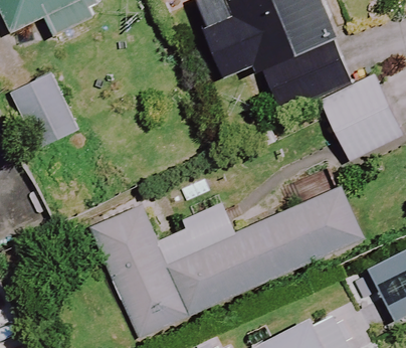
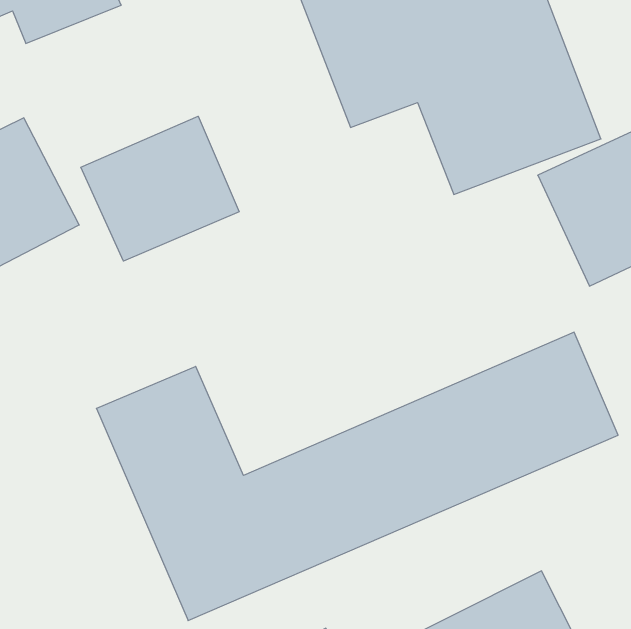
building: none -> [81,116,239,261]

